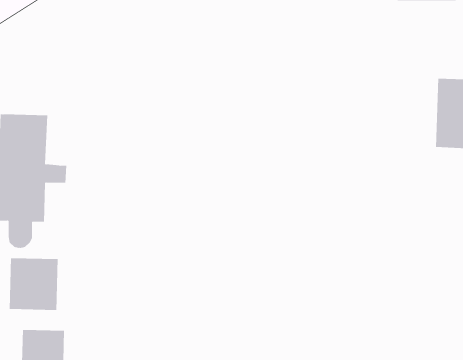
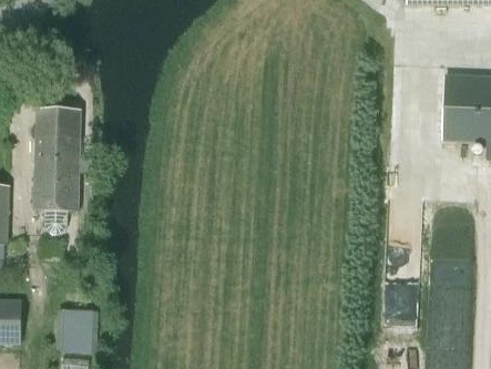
building: [9,257,58,311] -> none

